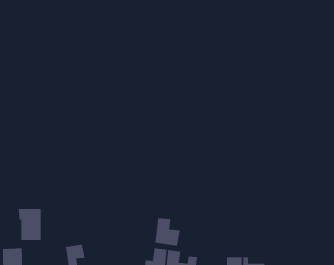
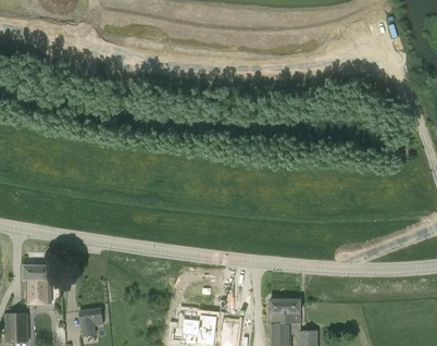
building: [155,218,180,246] -> none
building: none -> [270,299,300,323]

